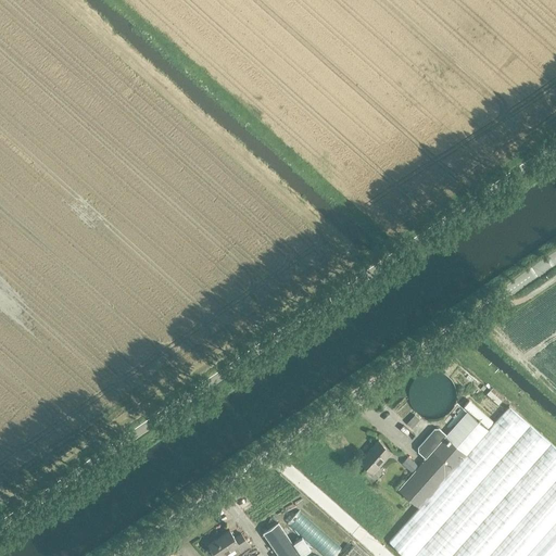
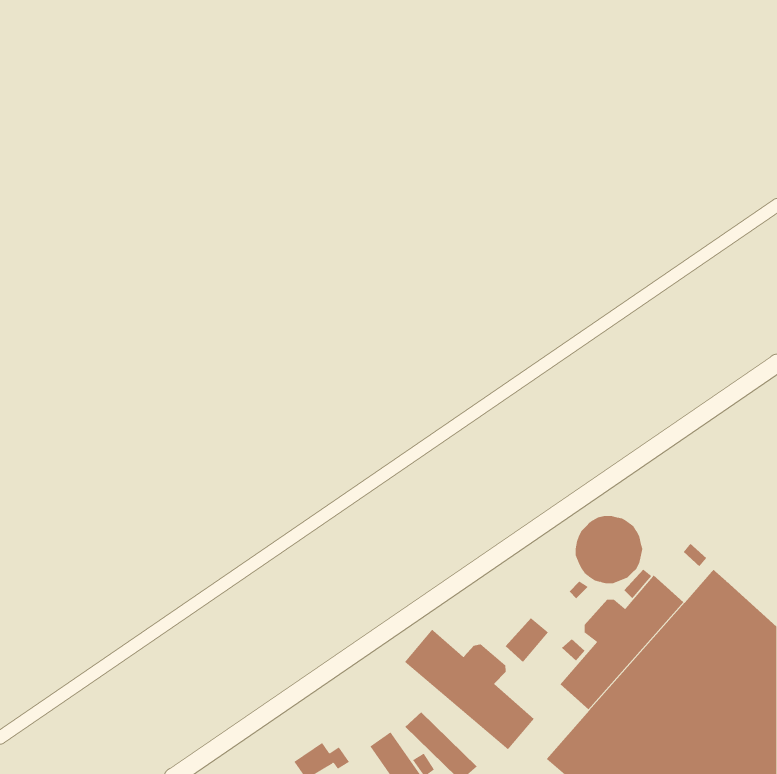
building: none -> [404,629,535,750]

